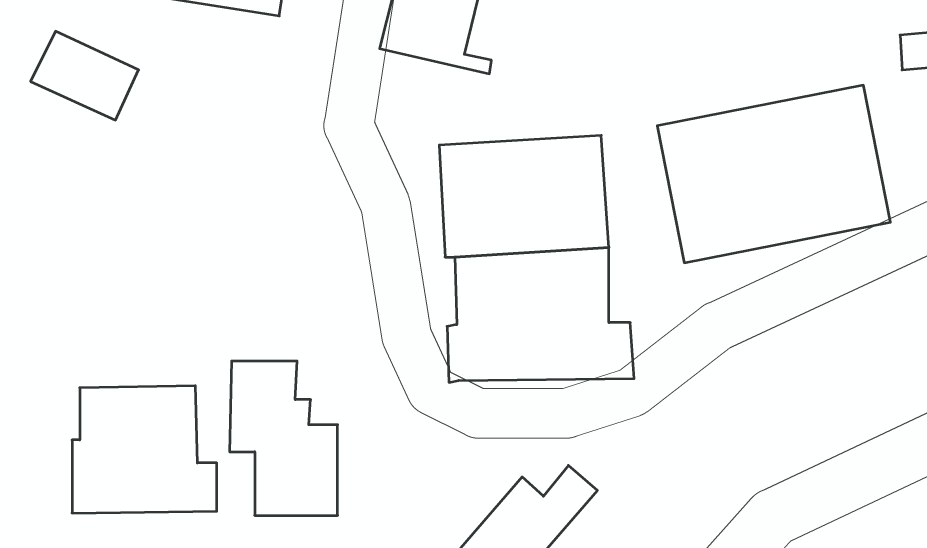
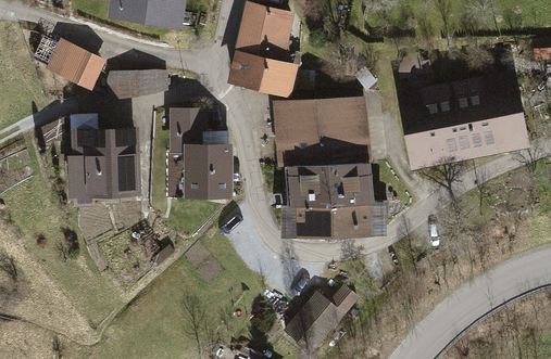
building: none -> [233,48,318,95]
building: none -> [107,70,168,99]
building: [230,361,338,515] -> [168,108,229,195]
building: [72,386,217,513] -> [66,126,148,197]

